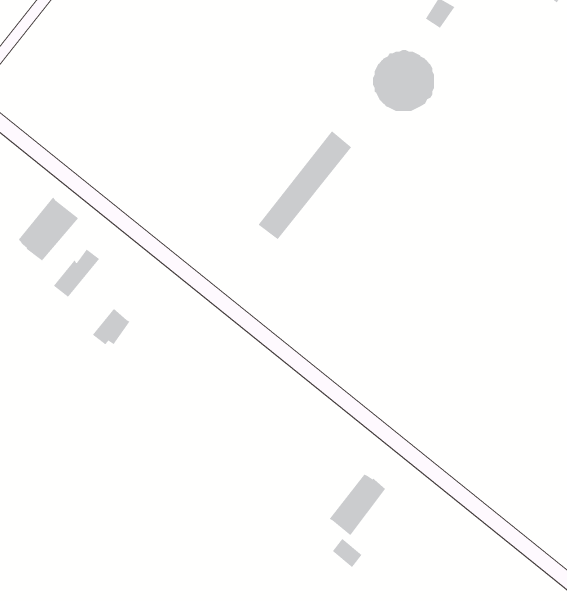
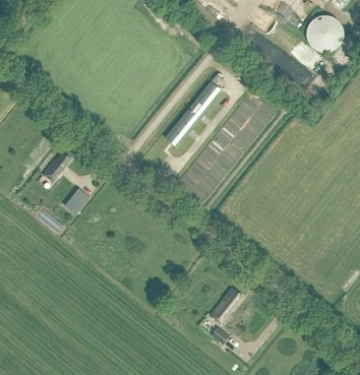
building: [372,49,435,112] -> [306,14,344,52]
building: [18,196,79,262] -> none

